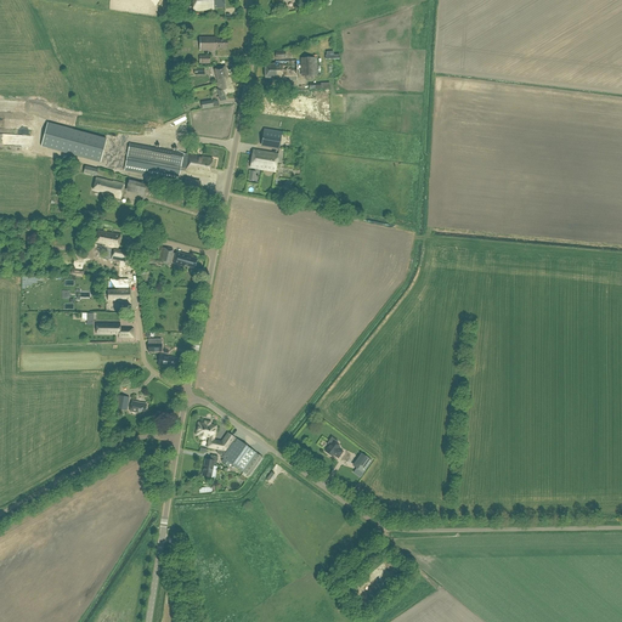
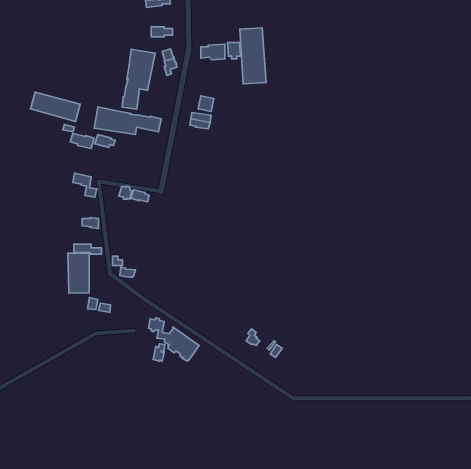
building: none -> [240,28,266,84]
building: none -> [122,49,155,109]
building: none -> [68,253,89,293]

